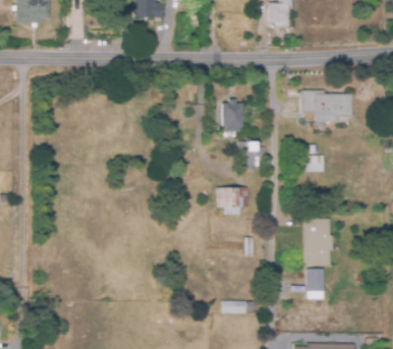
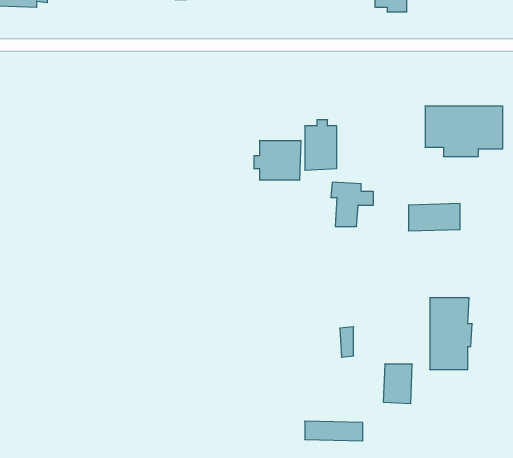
building: none -> [254,140,301,180]
building: [216,188,248,216] -> none
building: [305,269,325,295] -> [383,364,412,404]

